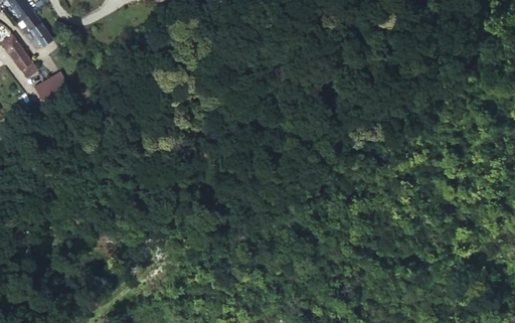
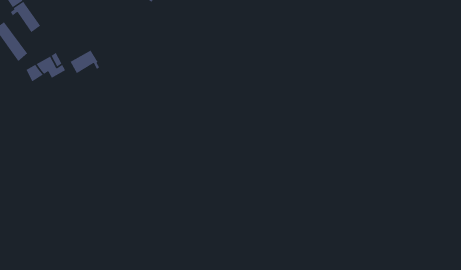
building: none -> [69,49,100,74]

